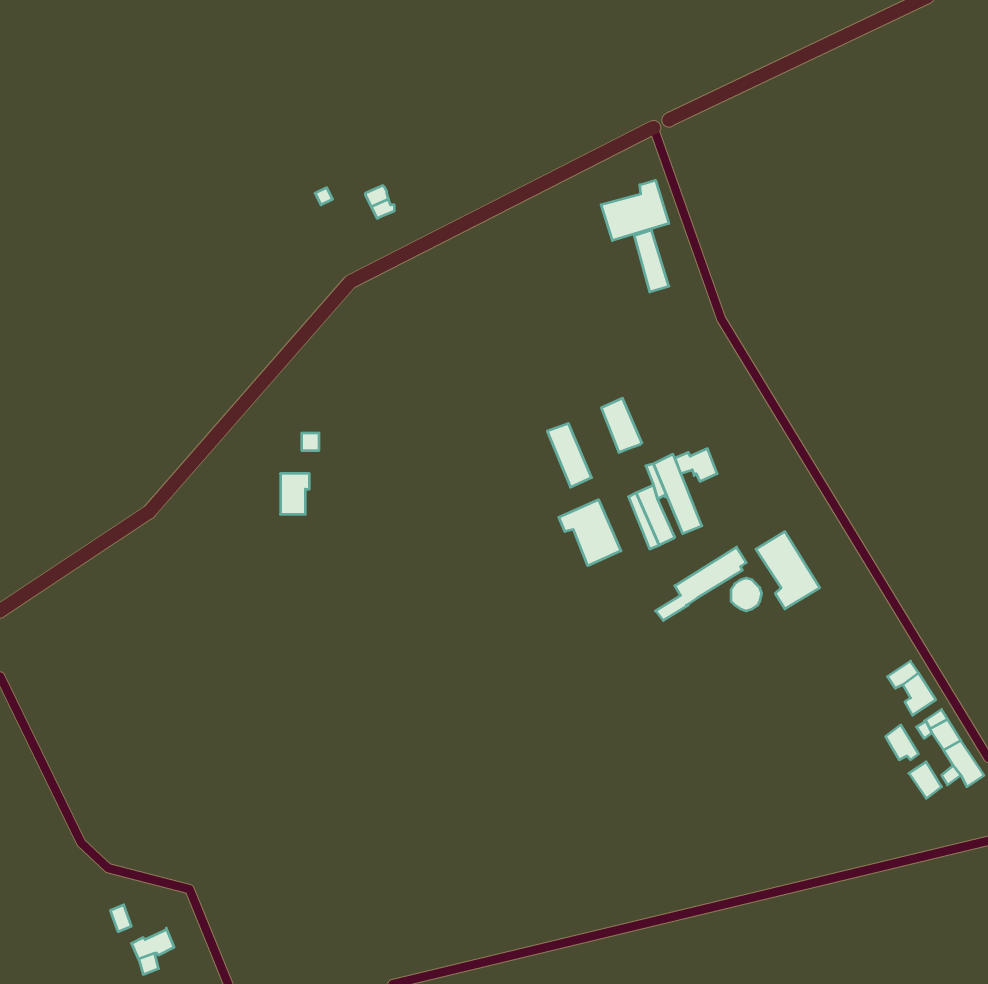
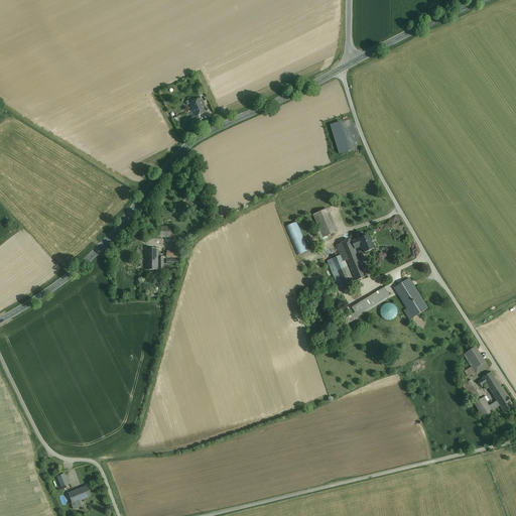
building: [601,180,669,241] -> none
building: [559,500,621,566] -> none

